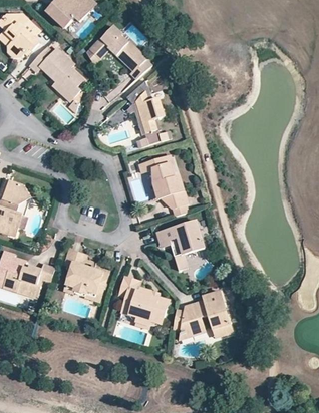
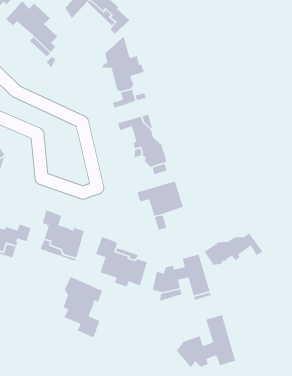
building: none -> [204,233,263,266]
building: none -> [62,276,103,339]
building: none -> [176,314,236,369]

